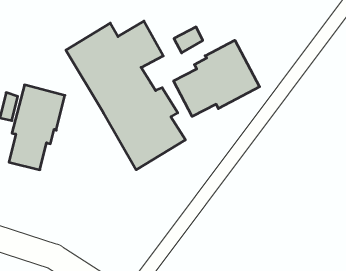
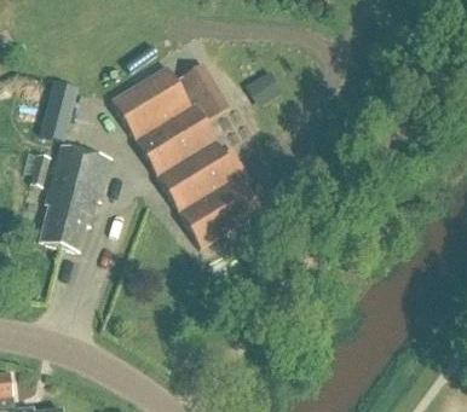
building: none -> [39,81,77,139]
building: [174,40,260,116] -> none

